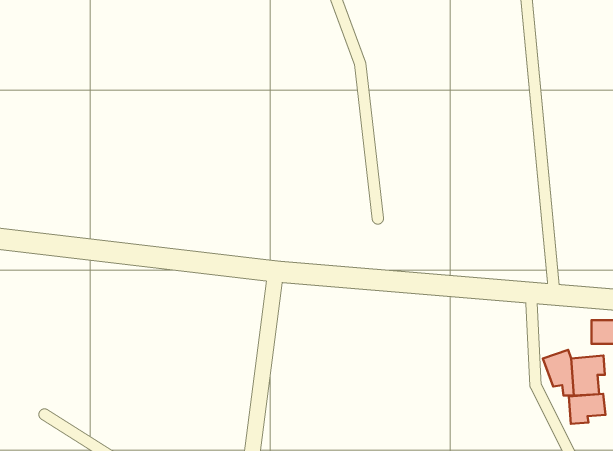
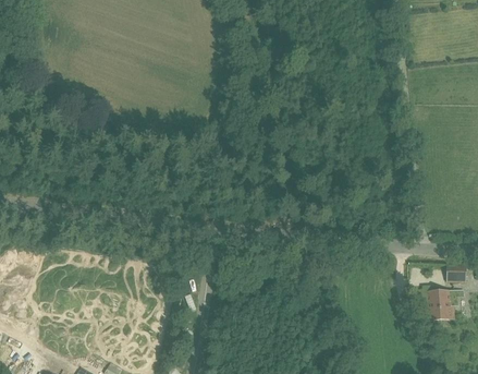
building: [569,394,605,424] -> none

